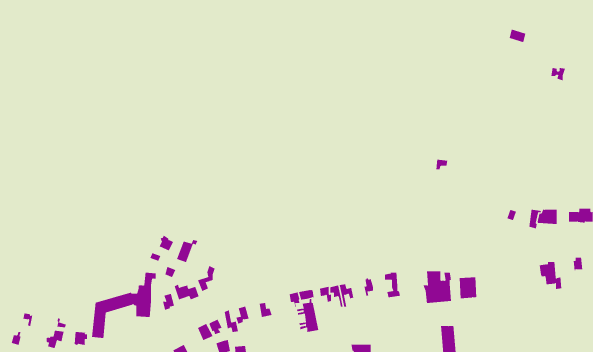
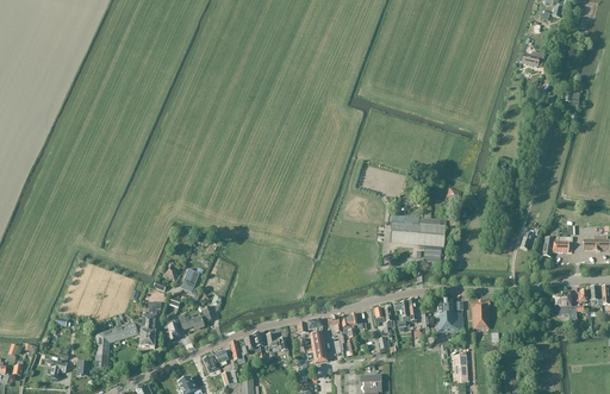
building: none -> [390,202,446,261]

